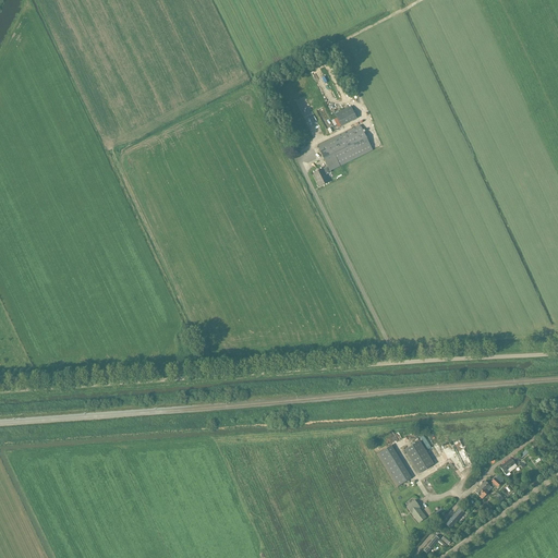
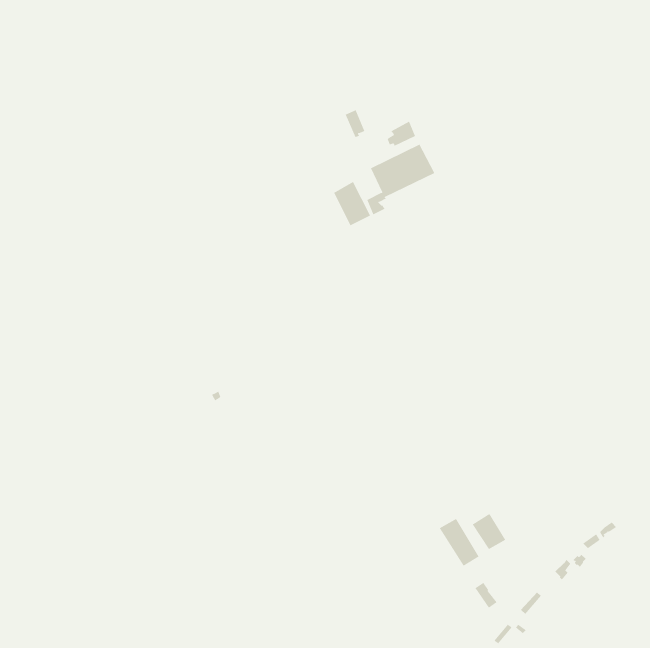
building: none -> [333,181,371,226]

